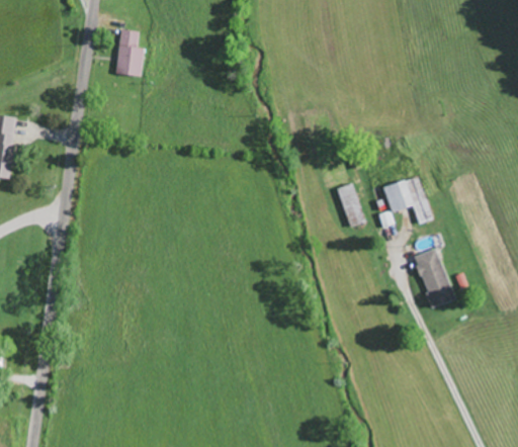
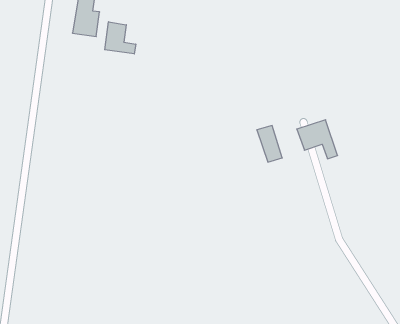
building: none -> [105,22,136,54]
building: [415,248,453,305] -> none

